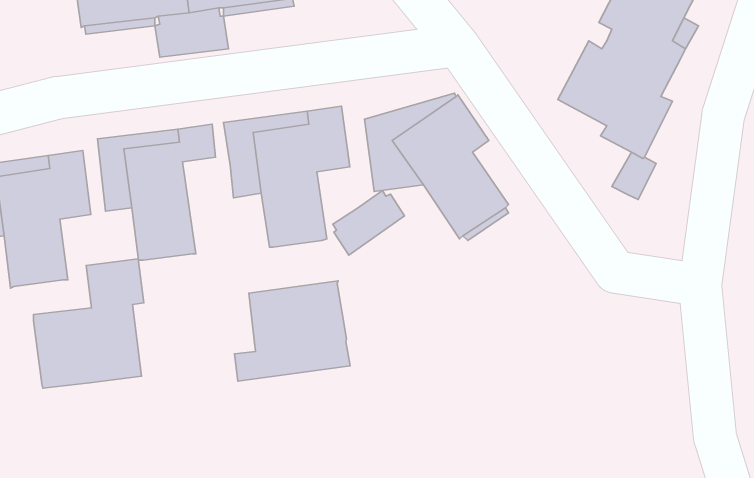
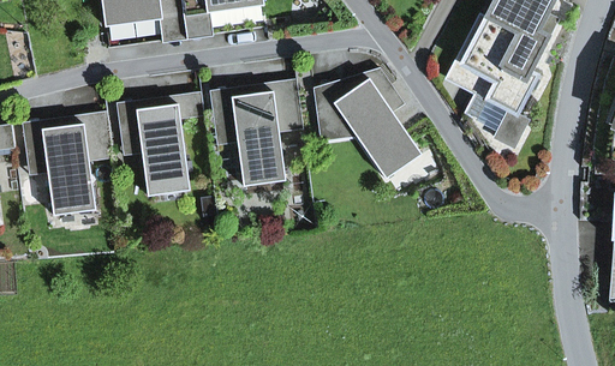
building: none -> [446,16,495,120]
building: [333,190,405,255] -> none
building: [33,259,144,388] -> none
building: [234,281,350,381] -> none

